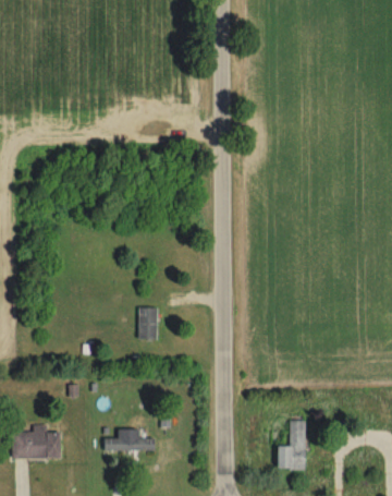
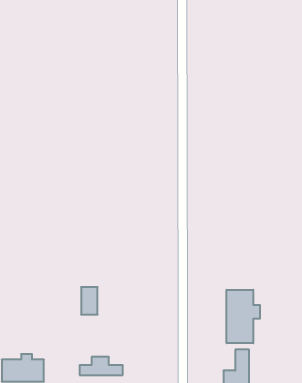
building: [138,307,158,340] -> [81,287,98,315]
building: none -> [227,290,260,343]

